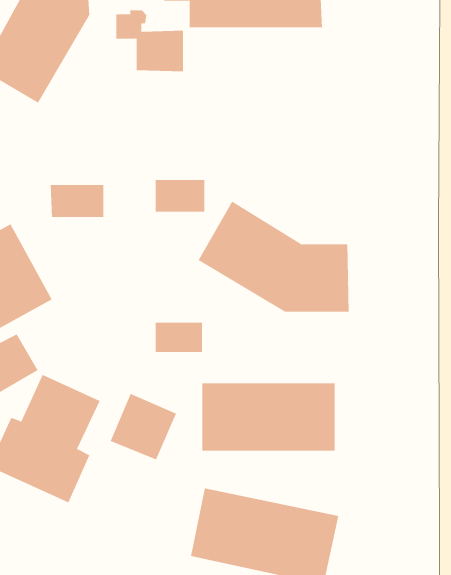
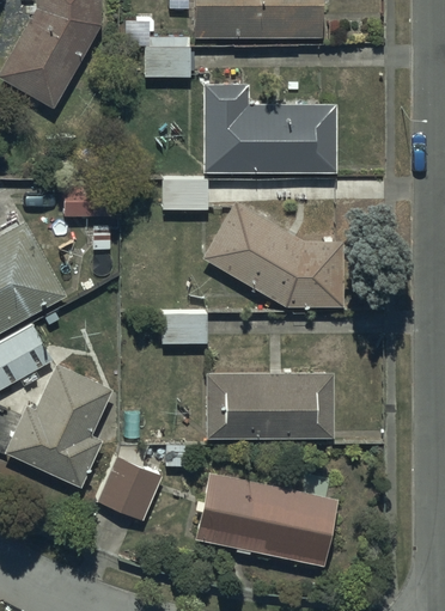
building: none -> [203,84,336,172]
building: [110,393,177,460] -> [97,458,160,521]

